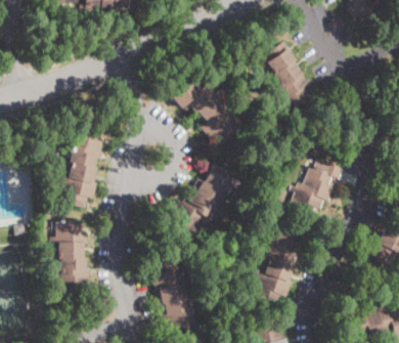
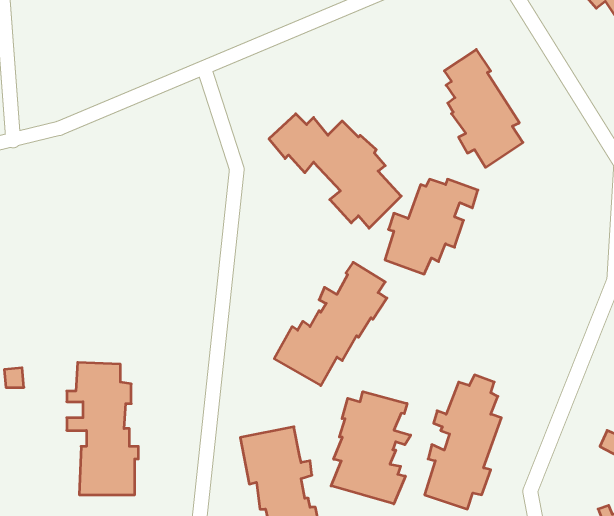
building: [61,124,104,207] -> none
building: [291,162,344,216] -> [385,179,478,274]
building: none -> [331,392,411,504]

